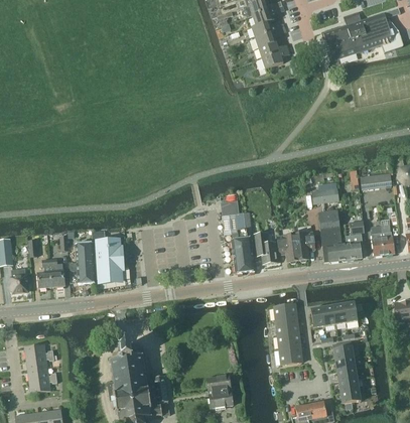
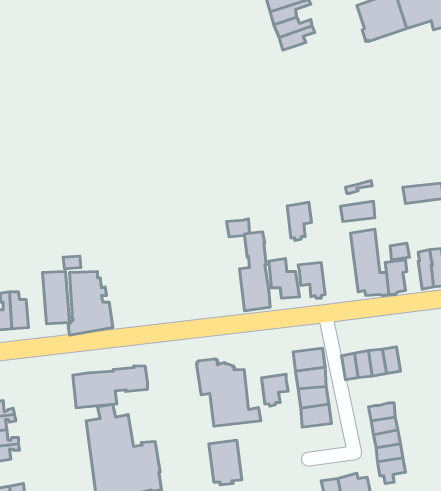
building: [295,232,314,262] -> [287,202,311,240]
building: none -> [196,359,261,426]
building: none -> [73,366,148,408]
building: none -> [262,374,288,406]

